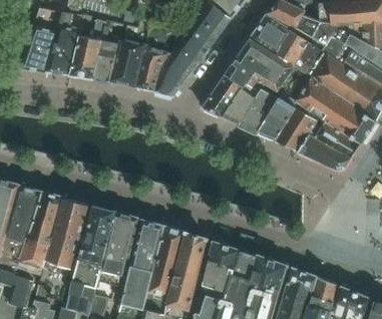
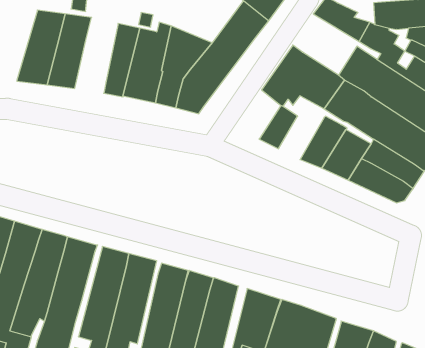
building: [69,15,105,78] -> none
building: [251,15,304,63] -> none
building: [203,75,241,116] -> none
building: [239,88,277,133] -> none

